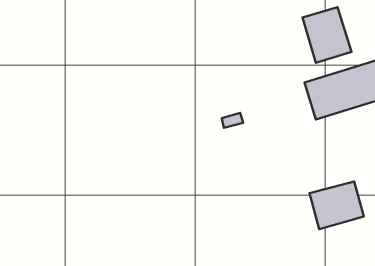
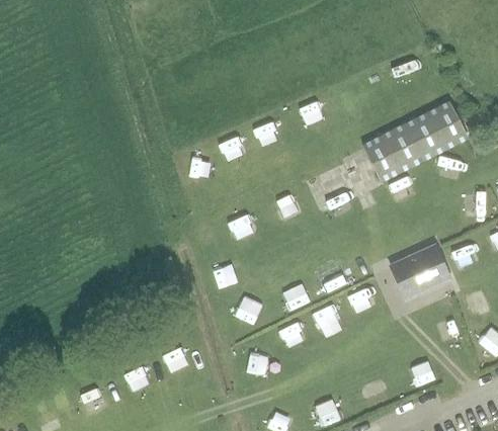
building: [303,7,352,63] -> none

